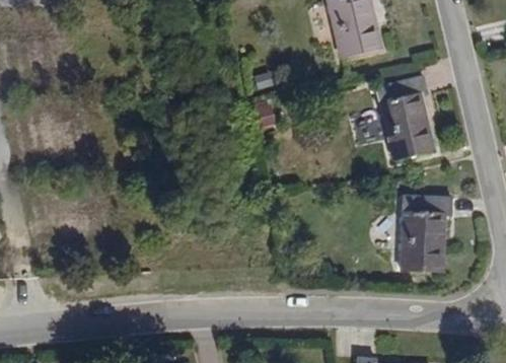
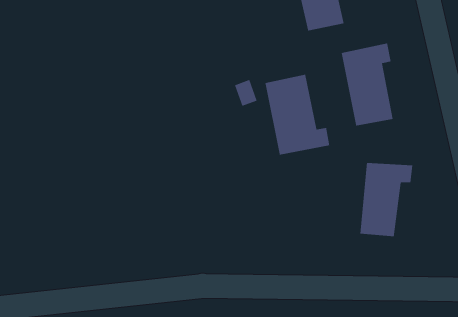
building: none -> [265,74,330,155]

